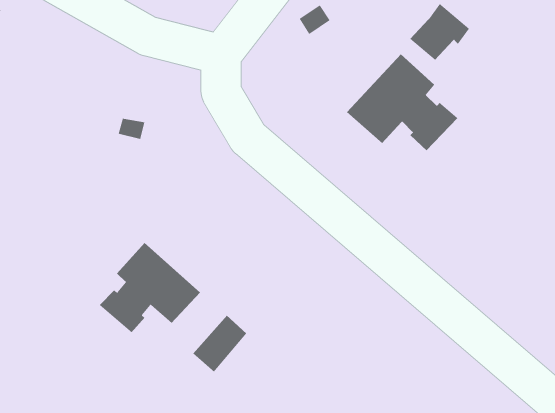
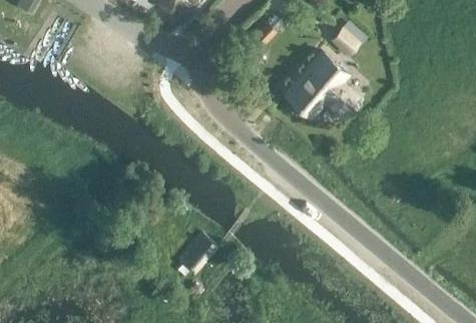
building: [99,242,201,333] -> none

